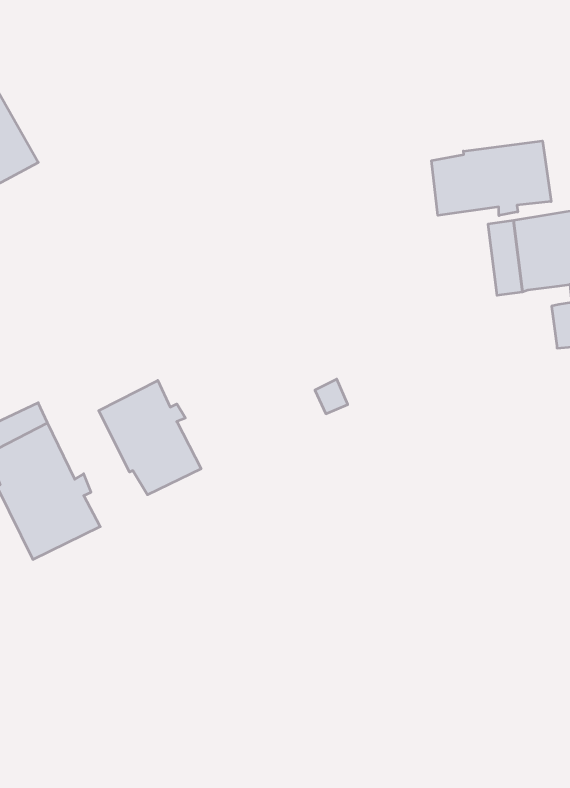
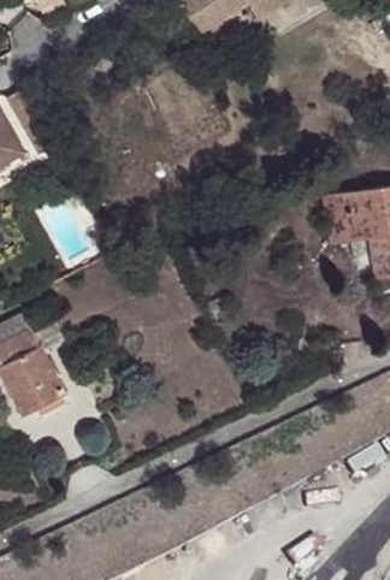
building: [432,141,551,216] -> none
building: [99,380,201,495] -> none

